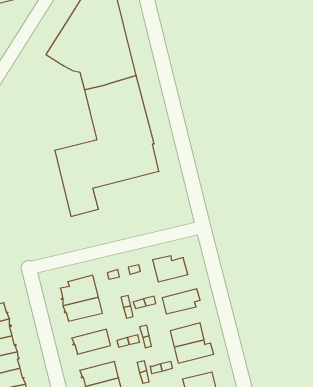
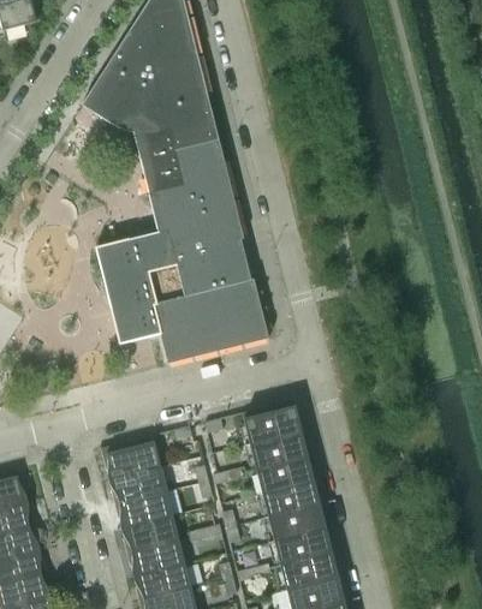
building: none -> [153,280,269,364]
building: none -> [250,434,308,468]
building: none -> [262,482,313,518]
building: none -> [117,491,173,529]
building: none -> [130,539,185,577]
building: none -> [280,553,337,590]

